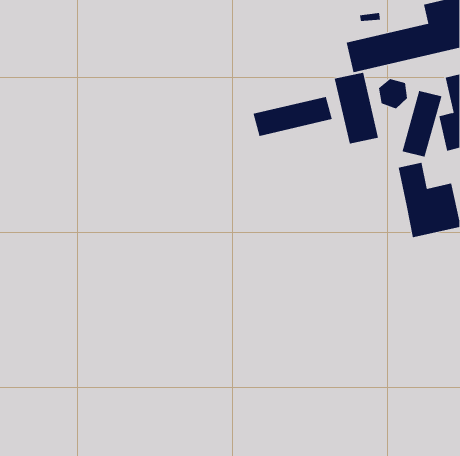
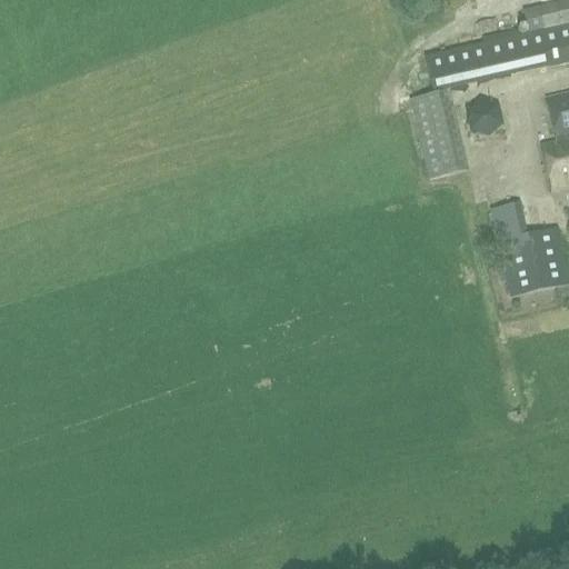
building: [402,90,442,158] -> none
building: [253,96,332,137] -> none

